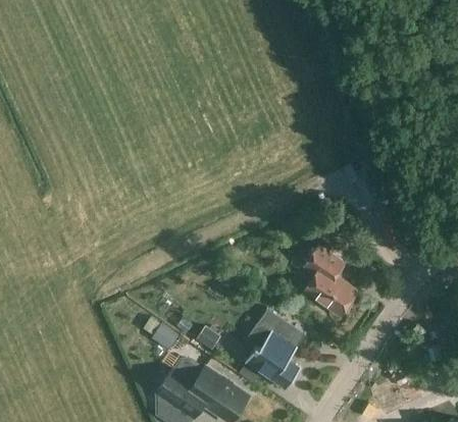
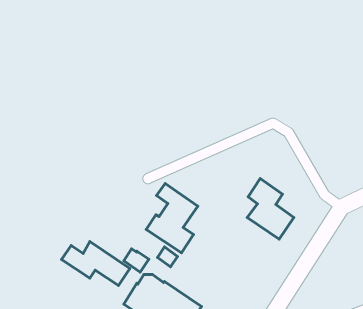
building: [244,308,305,389] -> [146,184,198,253]
building: none -> [61,242,130,285]

